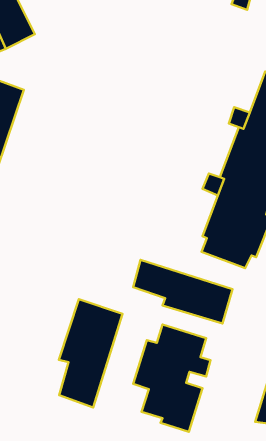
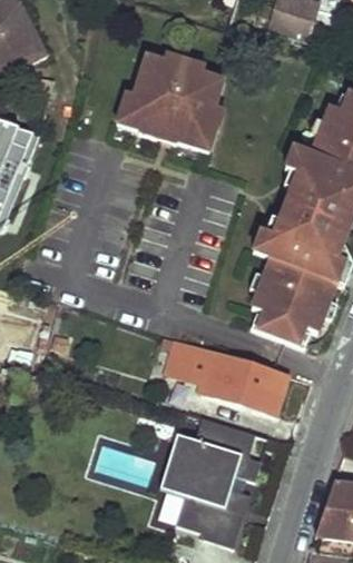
building: none -> [118,53,224,151]
building: [59,299,123,407] -> none

